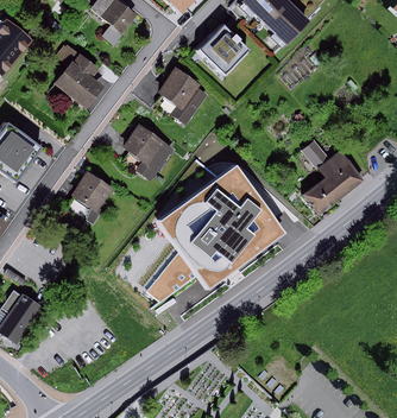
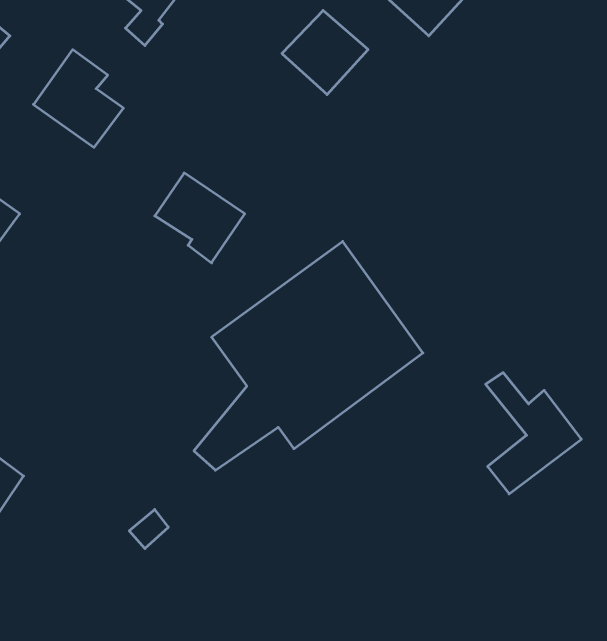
building: [158,65,208,124] -> none
building: [297,139,355,213] -> [486,373,581,494]
building: [71,171,113,220] -> none

